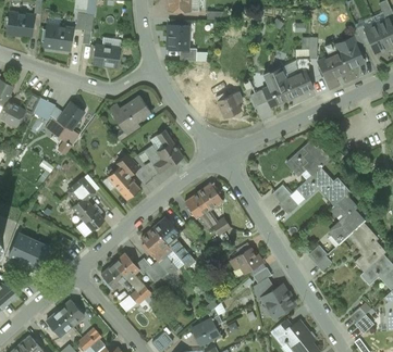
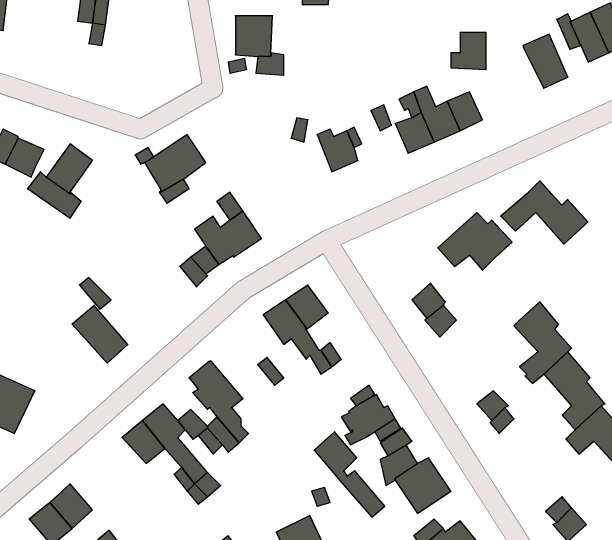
building: [44,25,72,49] -> none
building: [93,38,121,67] -> none
building: [317,41,348,81] -> none
building: [107,154,139,200] -> none
building: [297,167,348,204] -> [501,181,588,244]
building: [153,217,195,267] -> [314,432,385,517]

